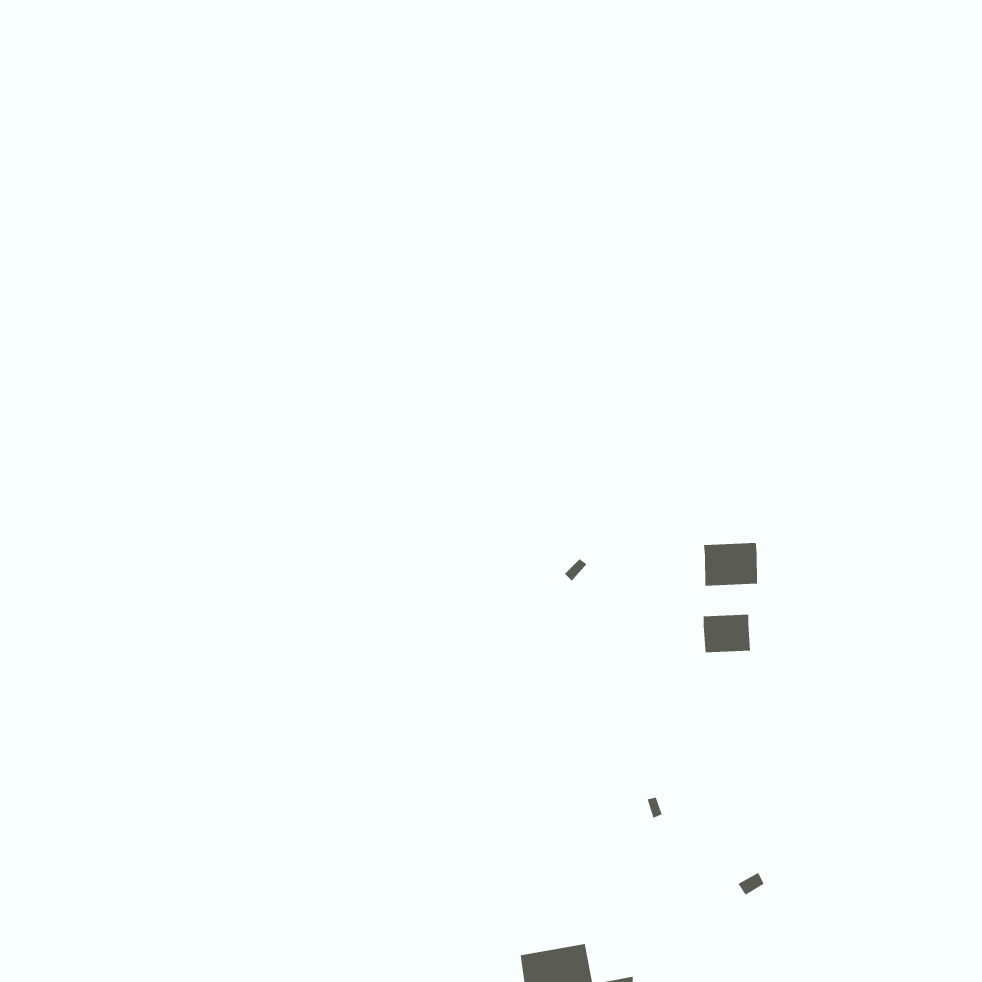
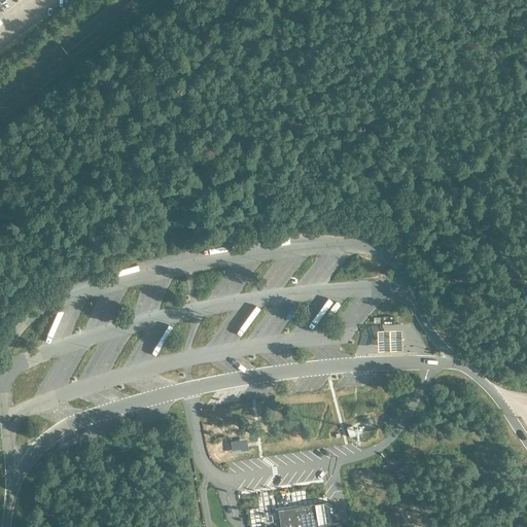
building: [704,542,757,586] -> none

